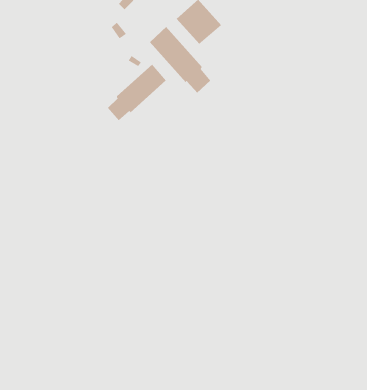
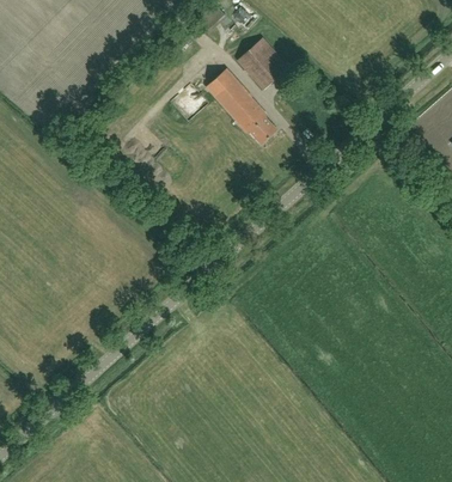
building: [107,64,167,121] -> none

